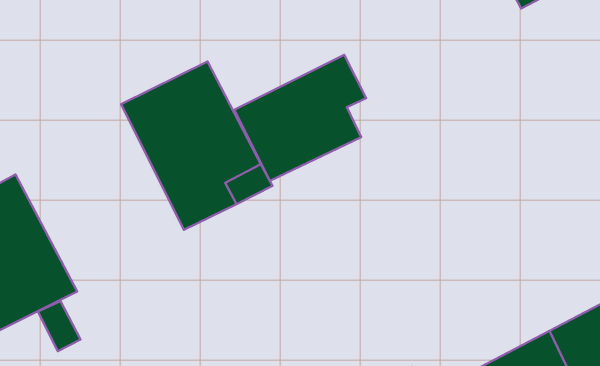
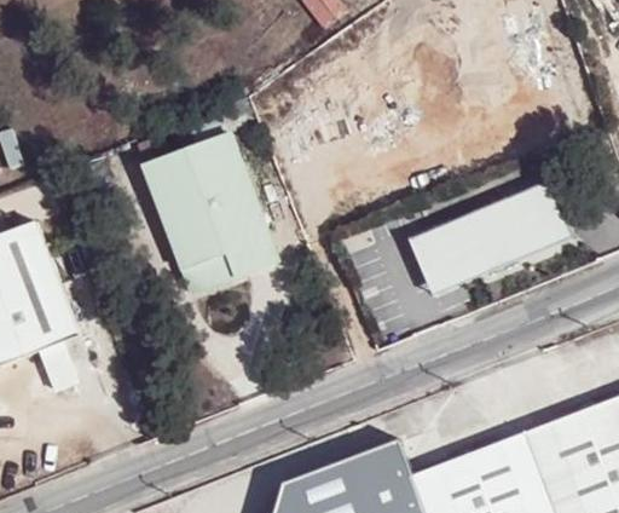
building: [234,55,366,181] -> none
building: none -> [407,180,573,292]

